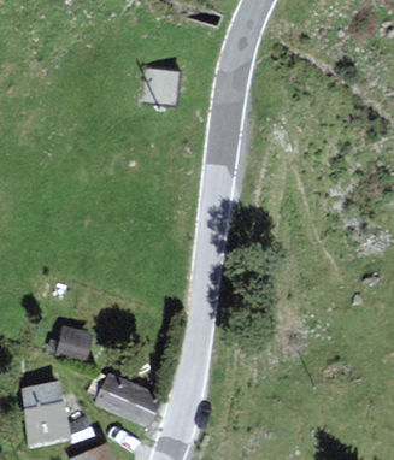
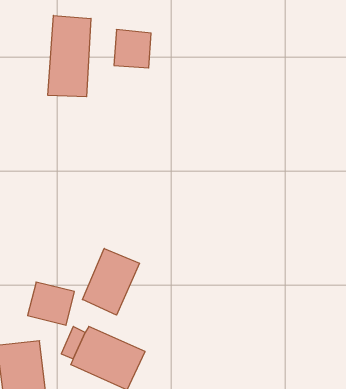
building: none -> [48,15,91,97]
building: none -> [82,248,140,315]

